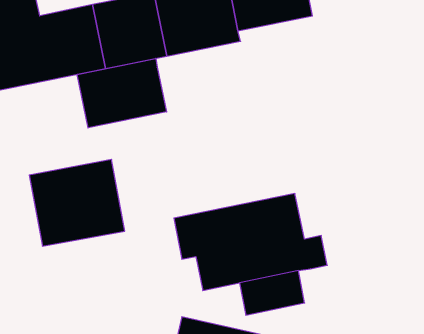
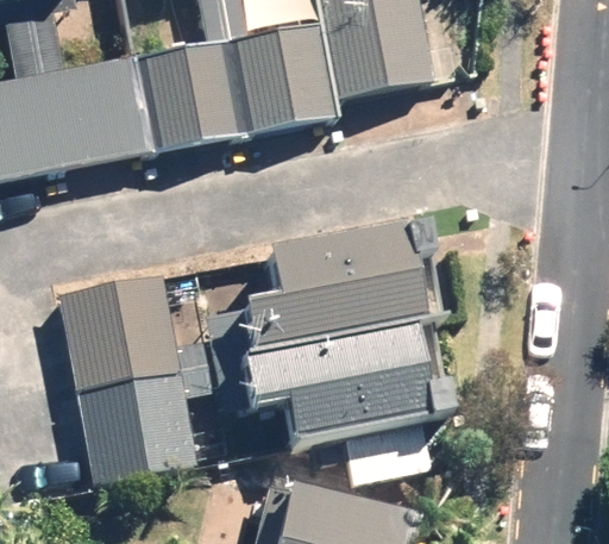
building: [77,58,167,128] -> none
building: none -> [239,218,429,350]
building: none -> [73,368,203,484]

